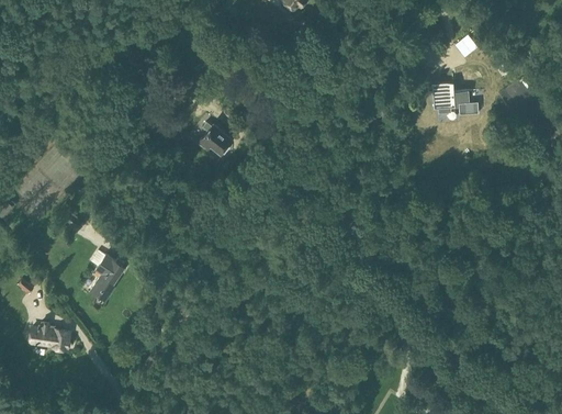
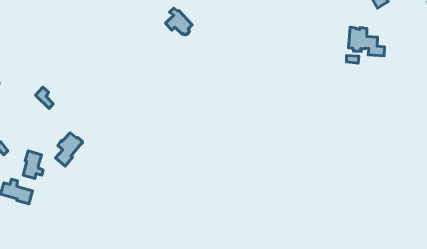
building: [199,122,232,153] -> [166,8,192,35]
building: none -> [23,151,43,179]

